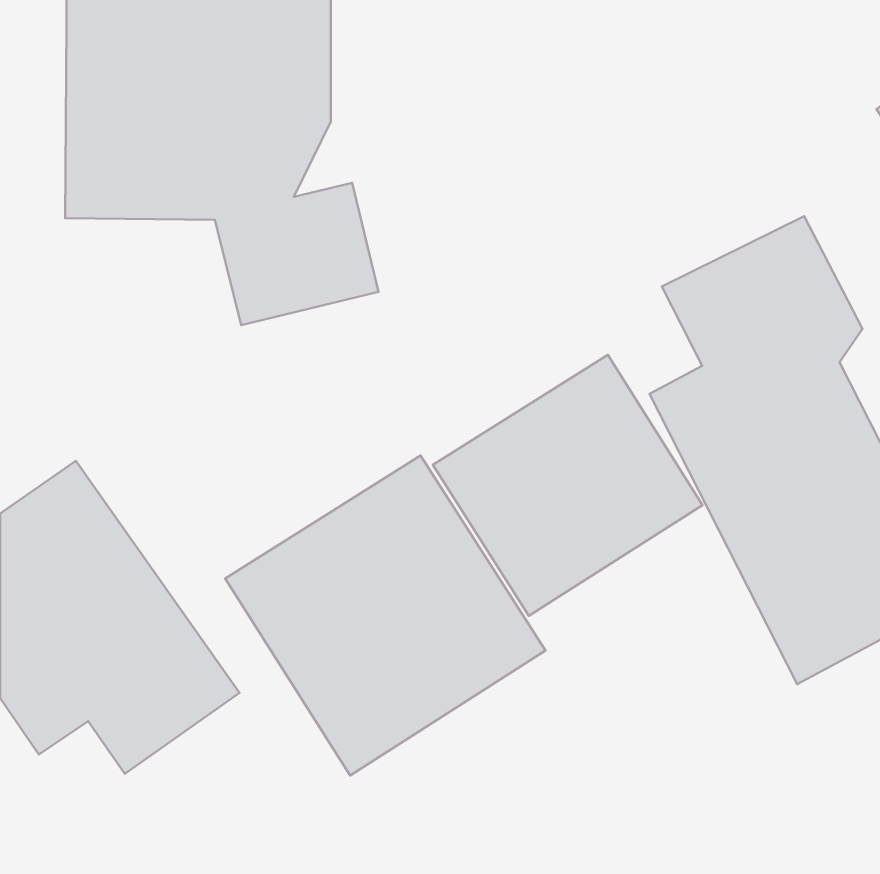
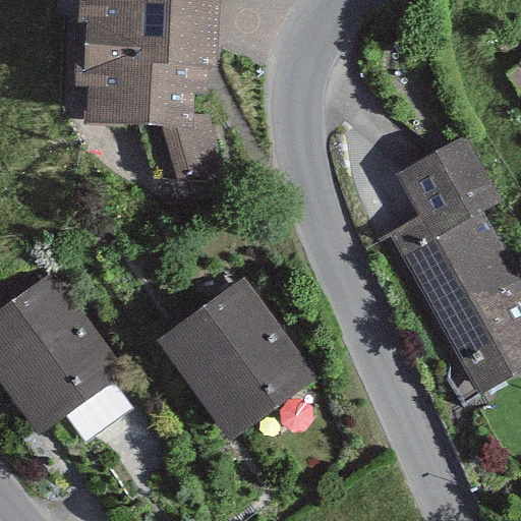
building: [433,355,703,616] -> none

